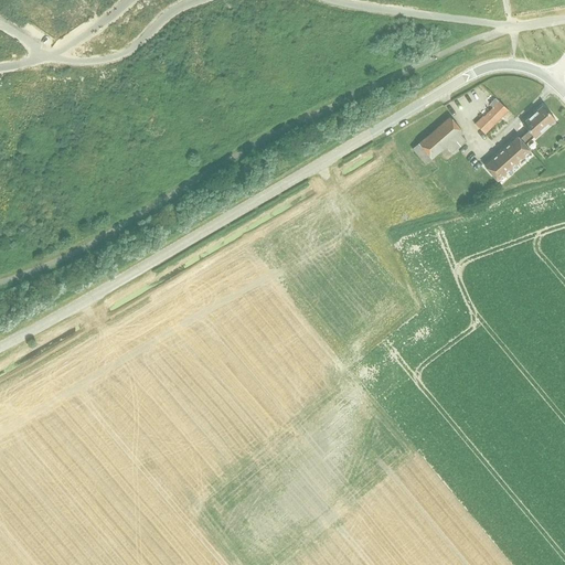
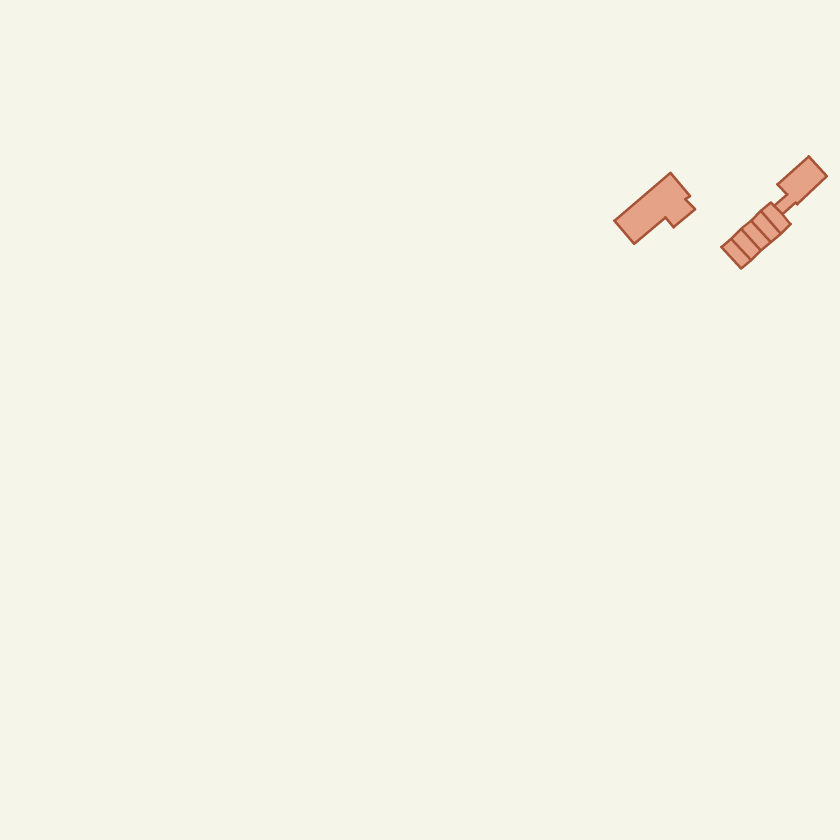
building: [475,97,509,134] -> none

